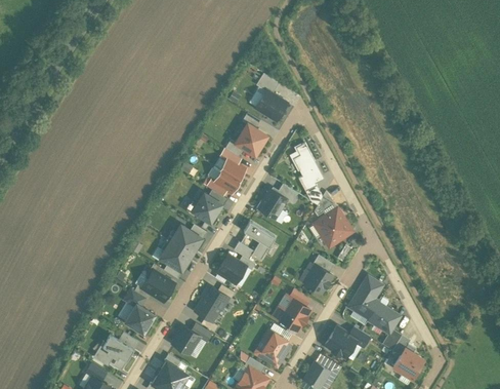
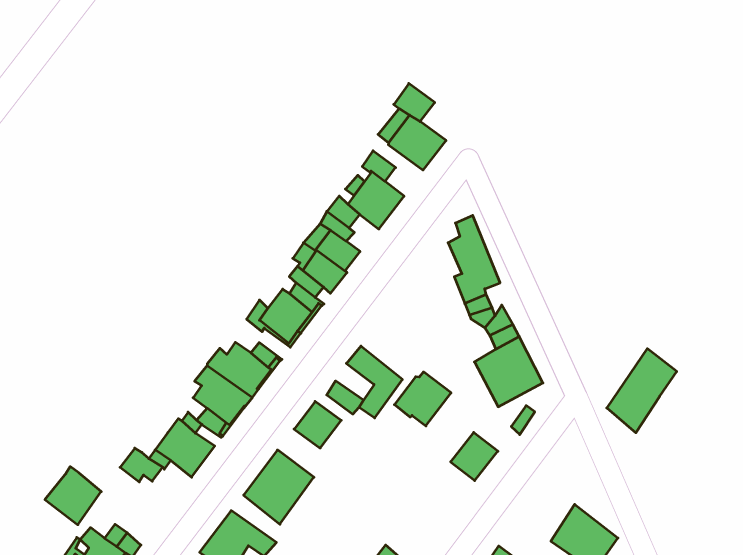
building: [256,190,287,220] -> [394,372,451,426]
building: [347,273,384,320] -> [607,349,677,433]
building: [279,297,309,328] -> none
building: [124,304,155,336] -> [45,467,101,525]

